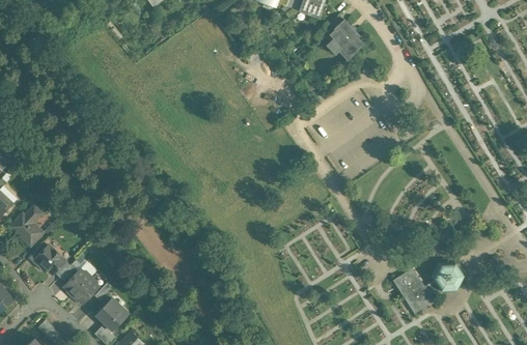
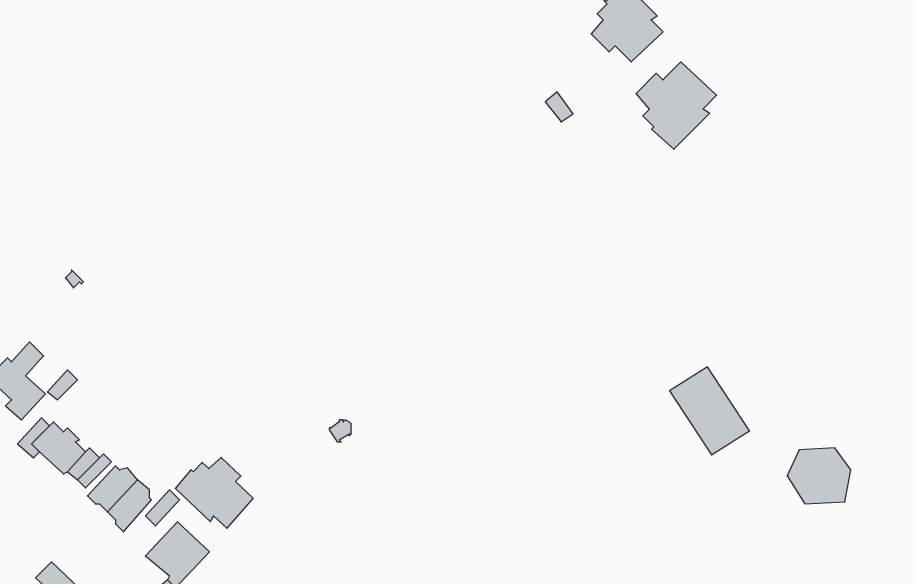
building: none -> [636,62,717,149]
building: none -> [175,457,253,528]
building: [393,268,435,314] -> [670,367,750,455]

